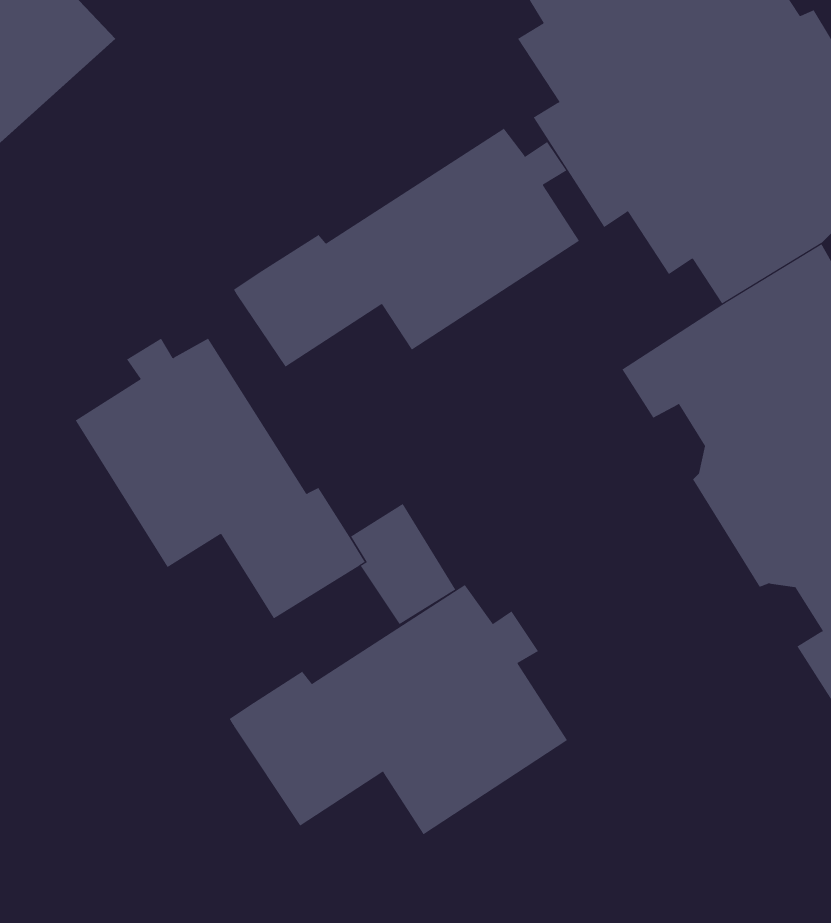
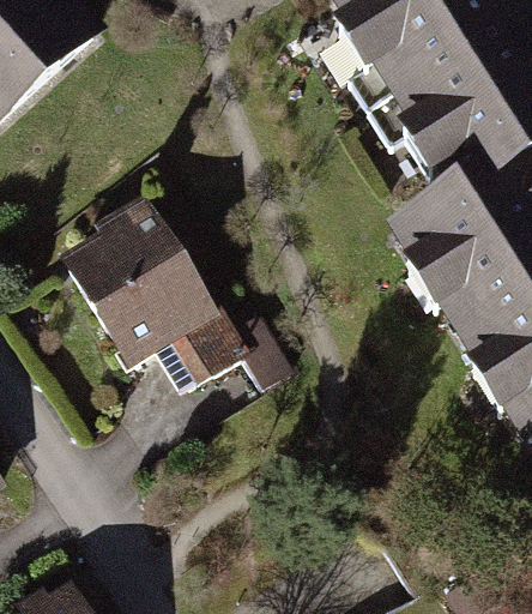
building: [233,128,580,367] -> none
building: [229,584,568,835] -> none

